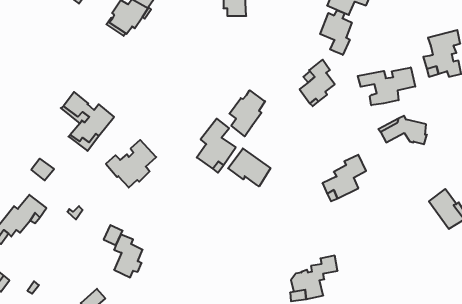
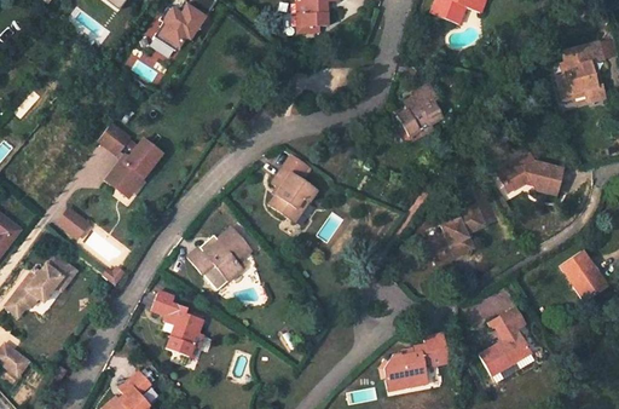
building: [320,10,352,55] -> none
building: [358,67,415,105] -> none
building: [229,90,265,136] -> none
building: [106,140,156,188] -> [186,229,250,289]
building: [228,148,270,186] -> none
building: none -> [481,309,533,373]

